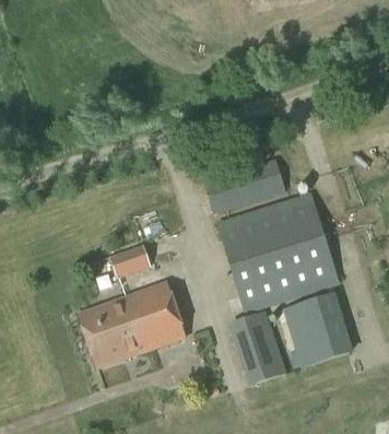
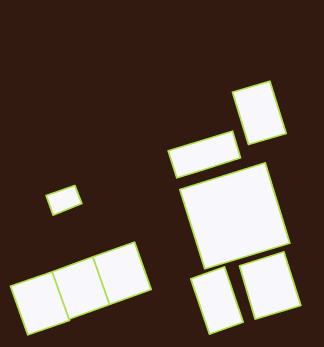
building: none -> [232,81,286,144]
building: [110,245,150,278] -> [46,186,82,215]
building: none -> [11,272,69,335]

